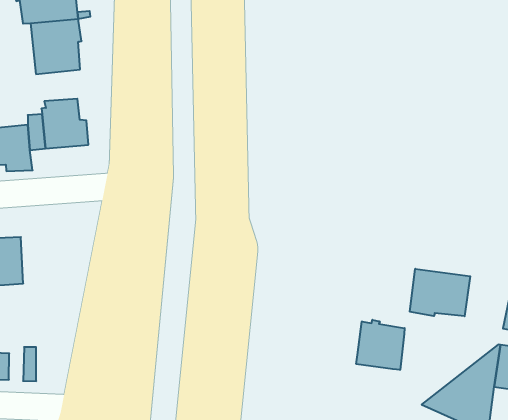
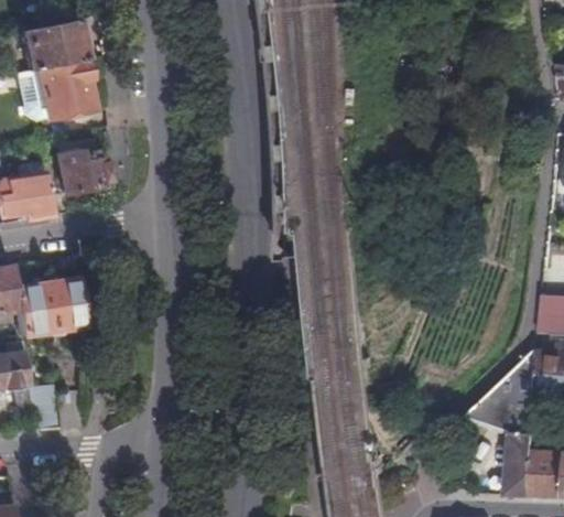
building: none -> [47,280,86,332]
building: [410,269,470,316] -> none
building: [356,320,405,370] -> none

